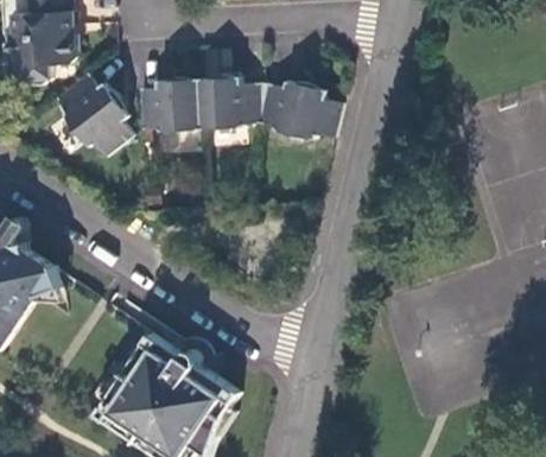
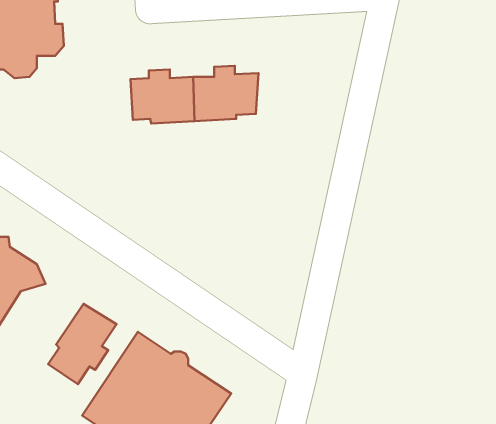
building: [55,71,132,155] -> none
building: [262,82,344,139] -> none
building: none -> [48,304,116,384]

